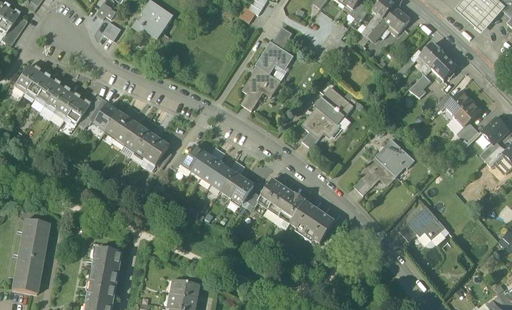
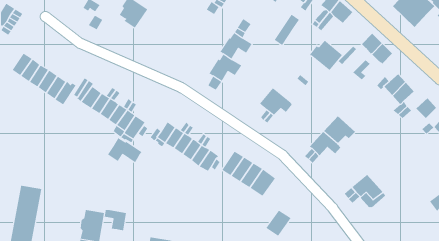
building: [314,88,353,124] -> [309,40,343,71]
building: none -> [107,136,143,163]
building: [305,212,335,243] -> [266,210,291,236]
building: none -> [104,209,127,231]

